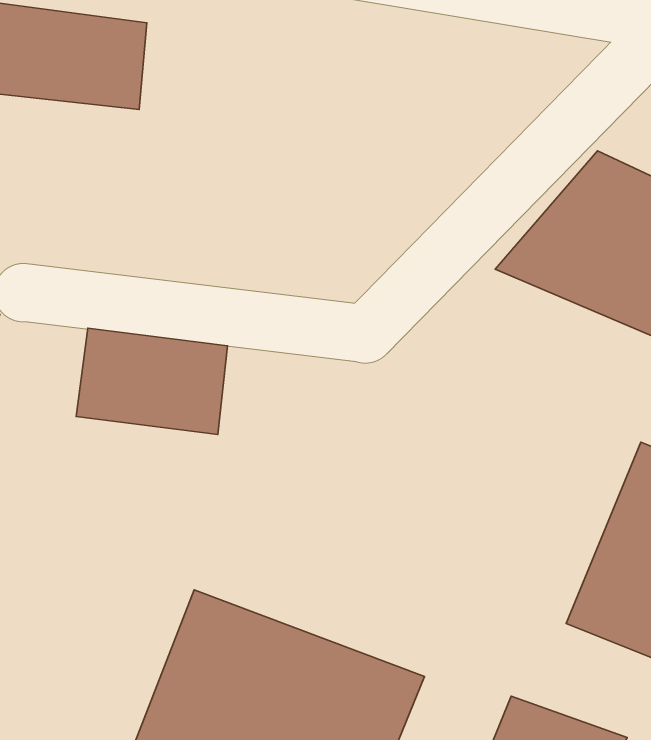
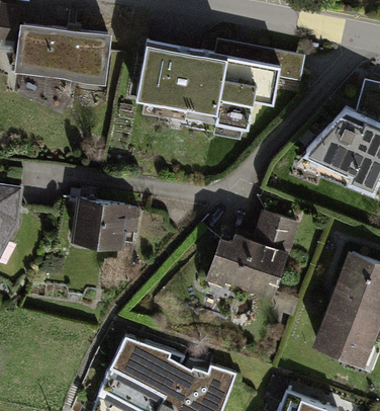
building: none -> [124,44,303,122]
building: none -> [203,210,296,294]

